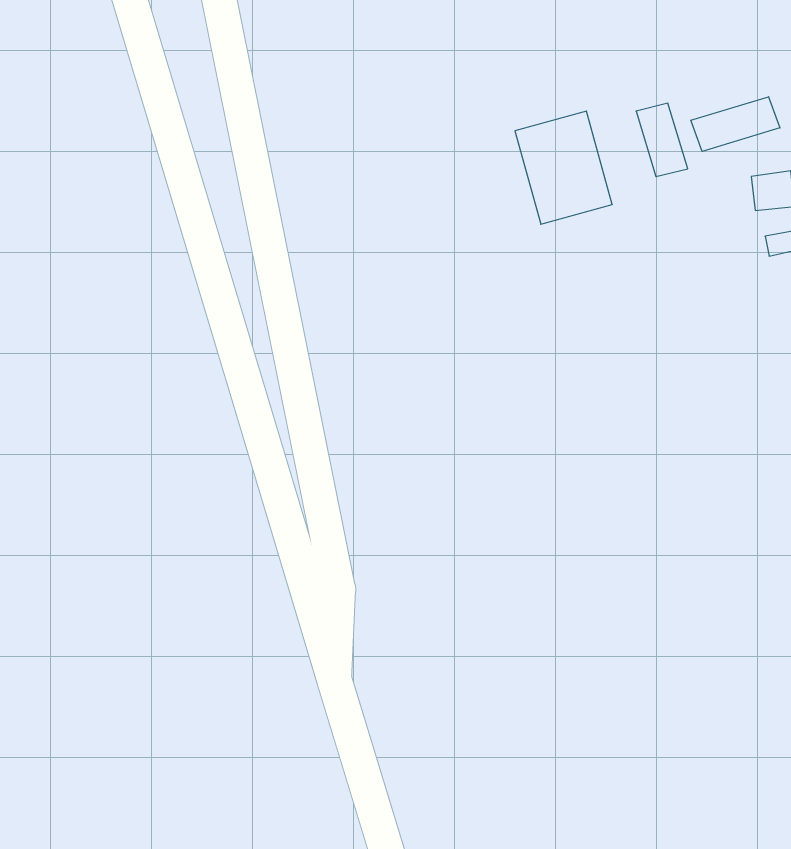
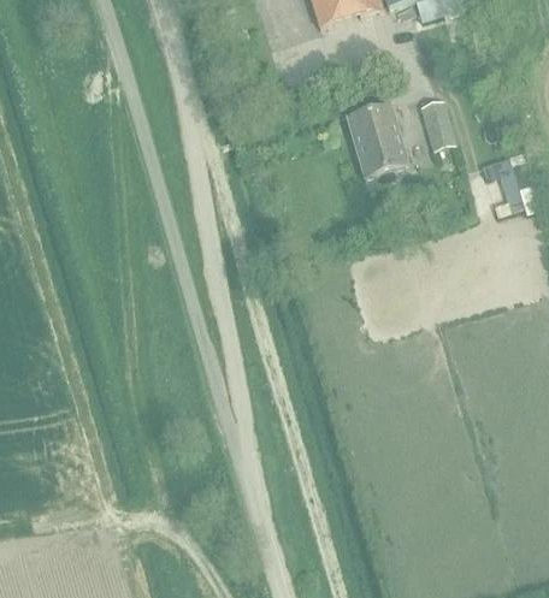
building: [691,97,780,151] -> none

